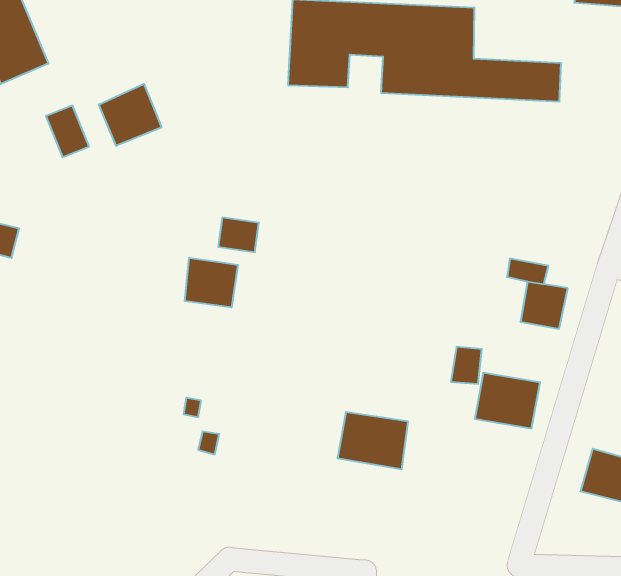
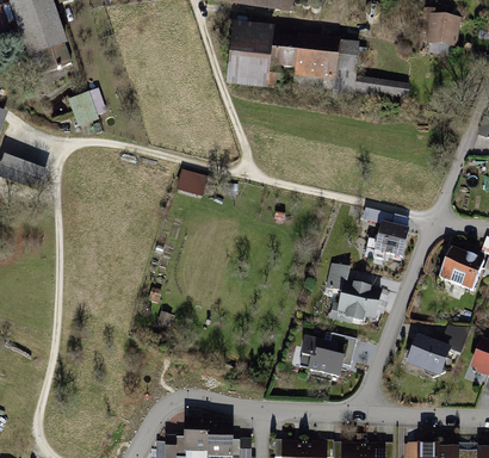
building: [99,84,161,146] -> none
building: [185,258,238,308] -> none
building: [337,412,408,469] -> [298,335,346,375]

